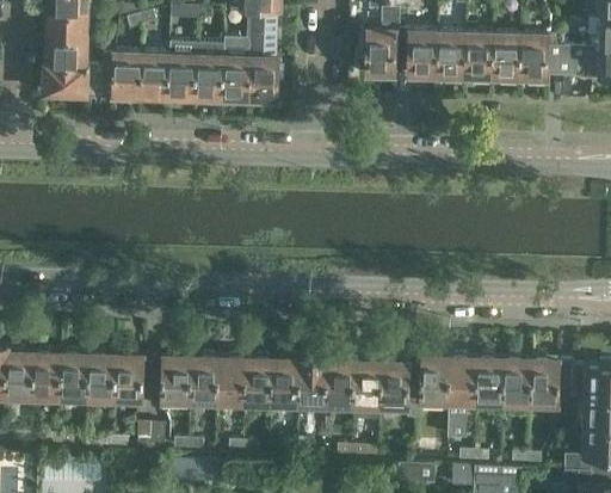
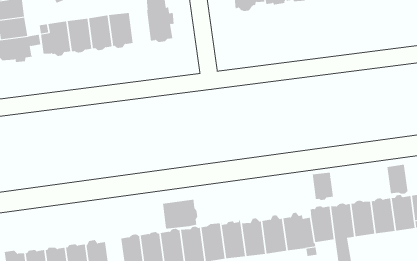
building: [224,56,248,101] -> none
building: none -> [312,172,334,201]
building: none -> [387,164,408,194]
building: none -> [163,199,198,229]

